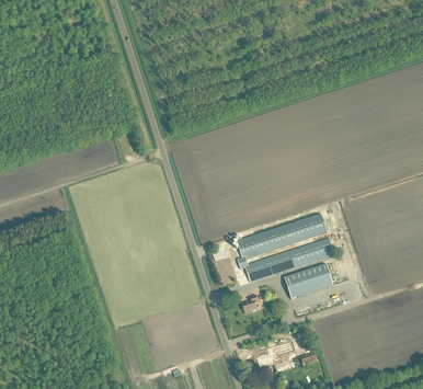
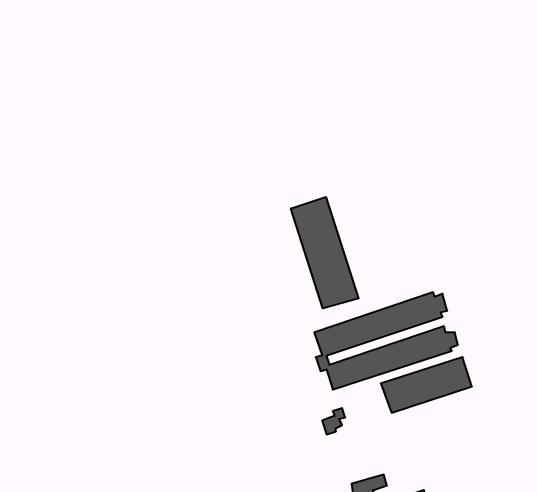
building: none -> [291,197,359,308]

